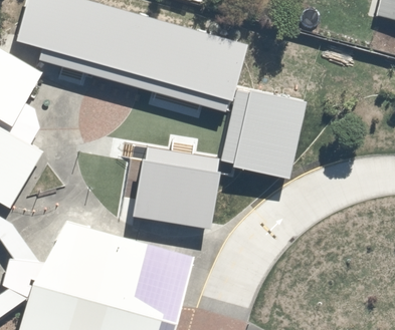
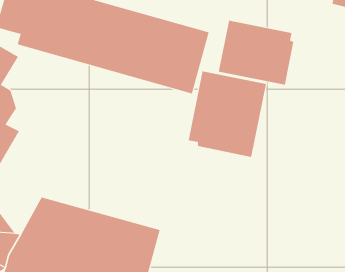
building: none -> [218,20,294,86]
building: [132,147,220,229] -> none

